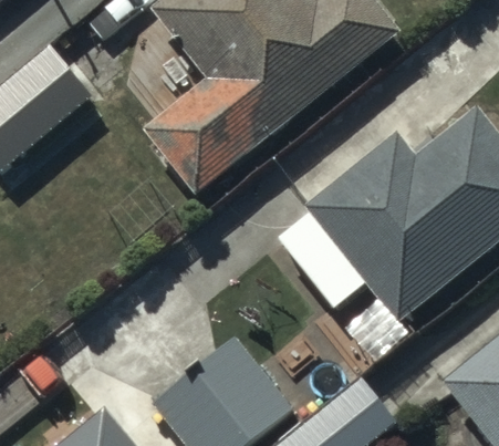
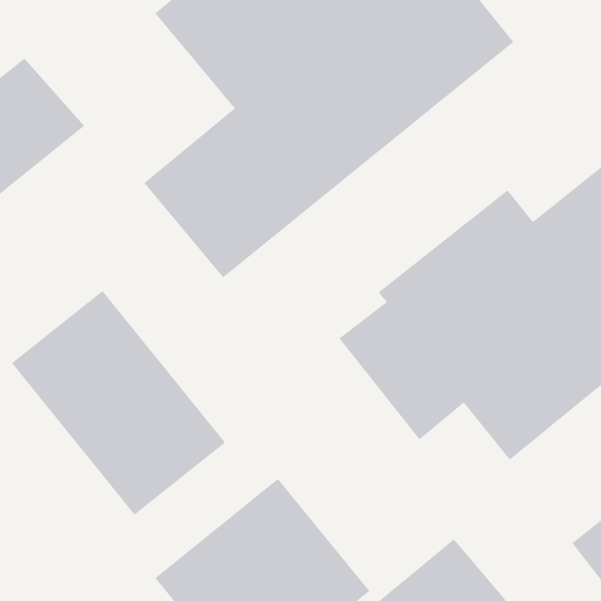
building: none -> [11,290,226,516]

